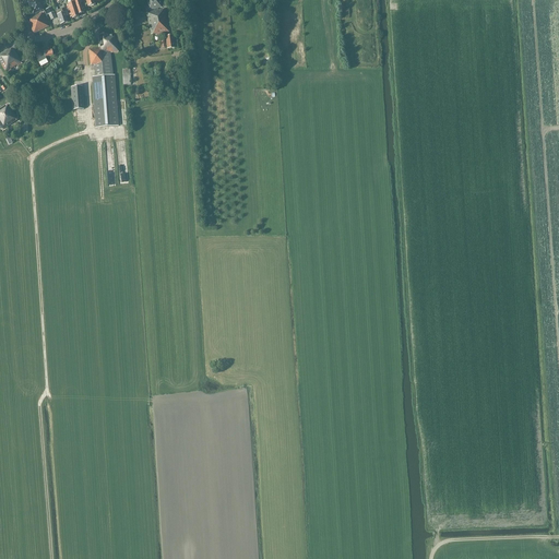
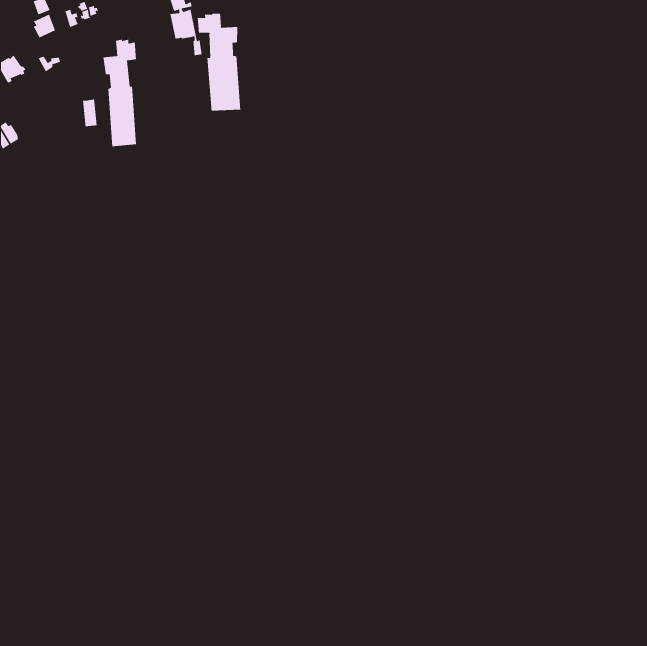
building: none -> [197,13,241,112]

